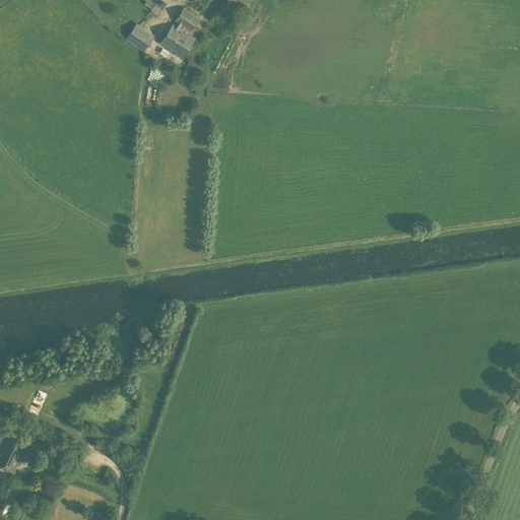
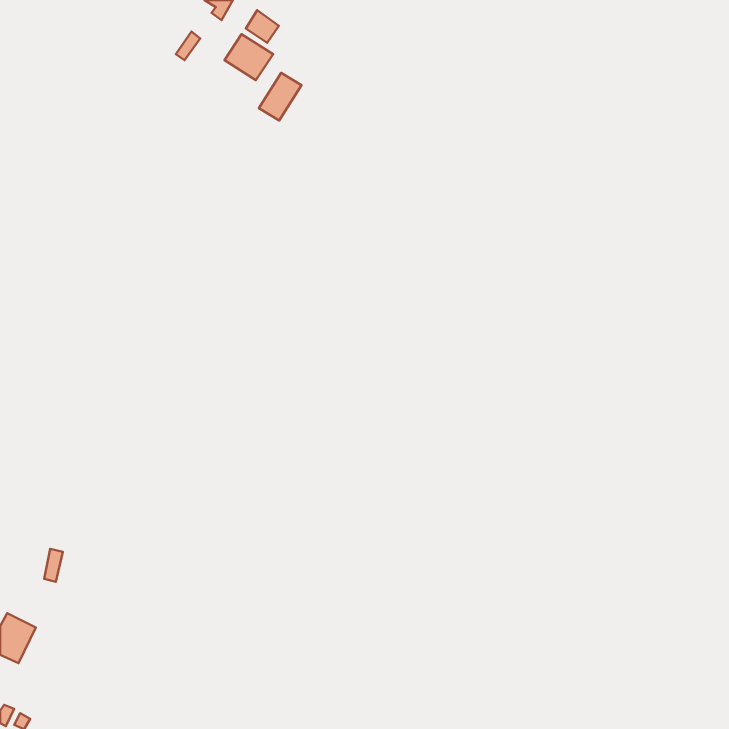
building: none -> [259,73,302,120]

